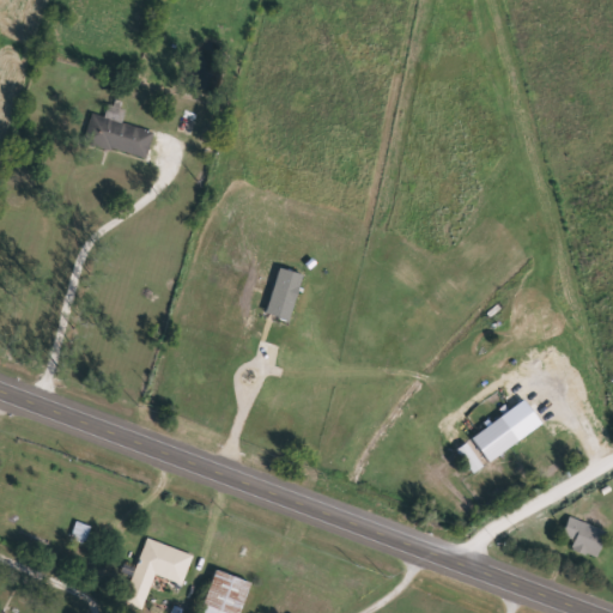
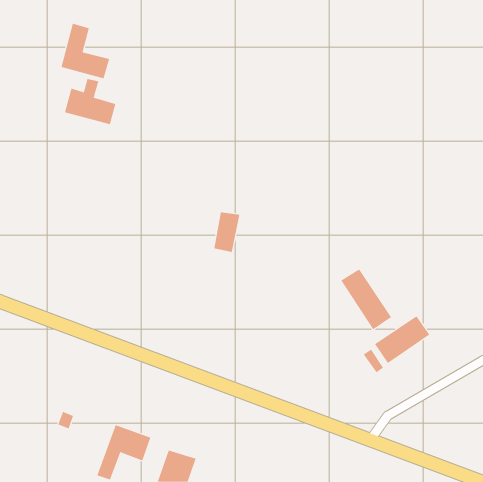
building: none -> [61,23,110,79]
building: none -> [341,268,392,330]
building: [563,516,606,558] -> none

